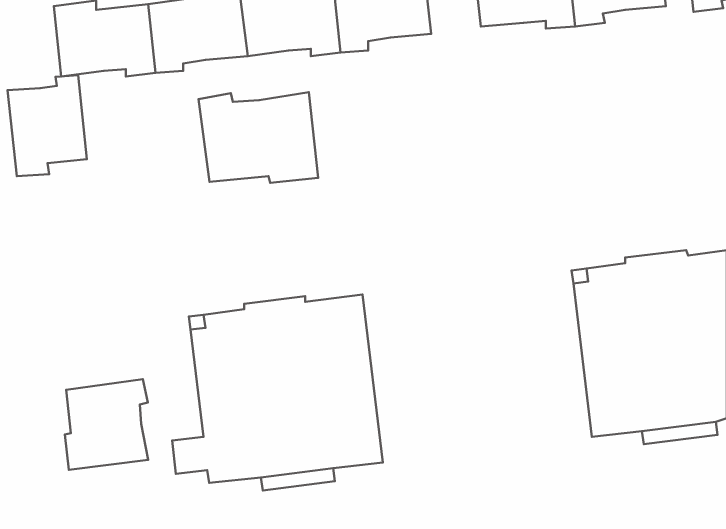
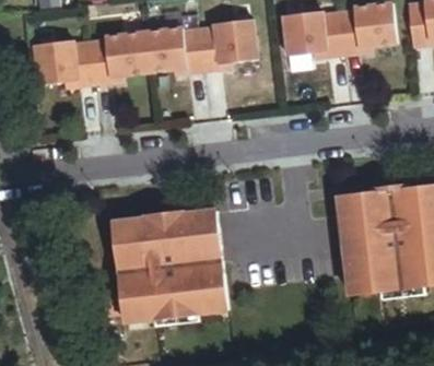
building: [8,75,87,176] -> none
building: [199,92,318,183] -> none
building: [65,379,148,470] -> none

